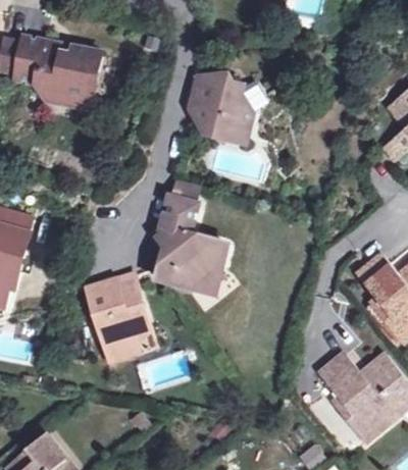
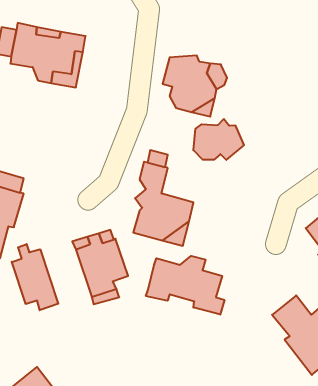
building: none -> [193,119,244,160]
building: none -> [12,244,58,310]
building: none -> [146,256,224,315]

